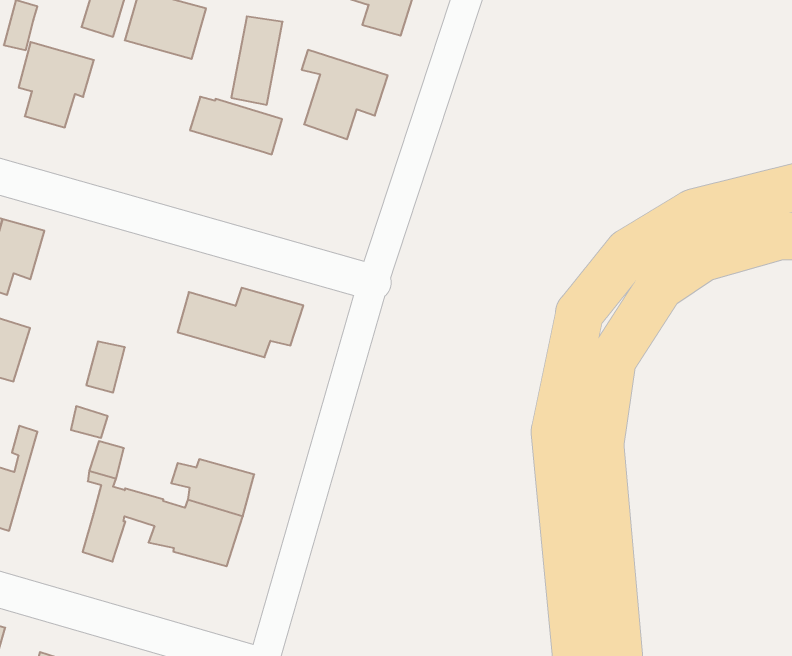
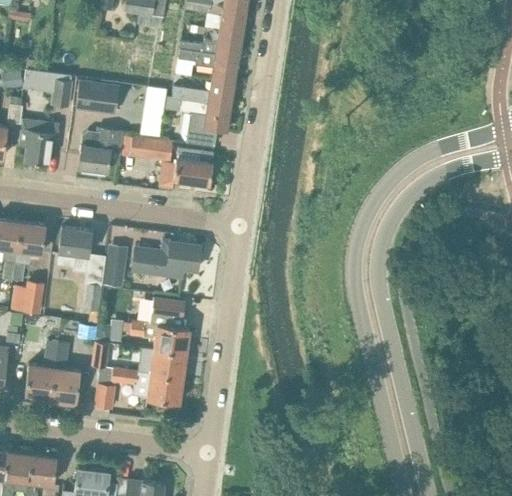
building: none -> [172,80,234,107]
building: none -> [77,128,123,175]
building: none -> [159,147,214,188]
building: none -> [57,227,91,272]
building: none -> [104,258,128,287]
building: none -> [125,296,189,347]
building: none -> [51,341,81,403]

